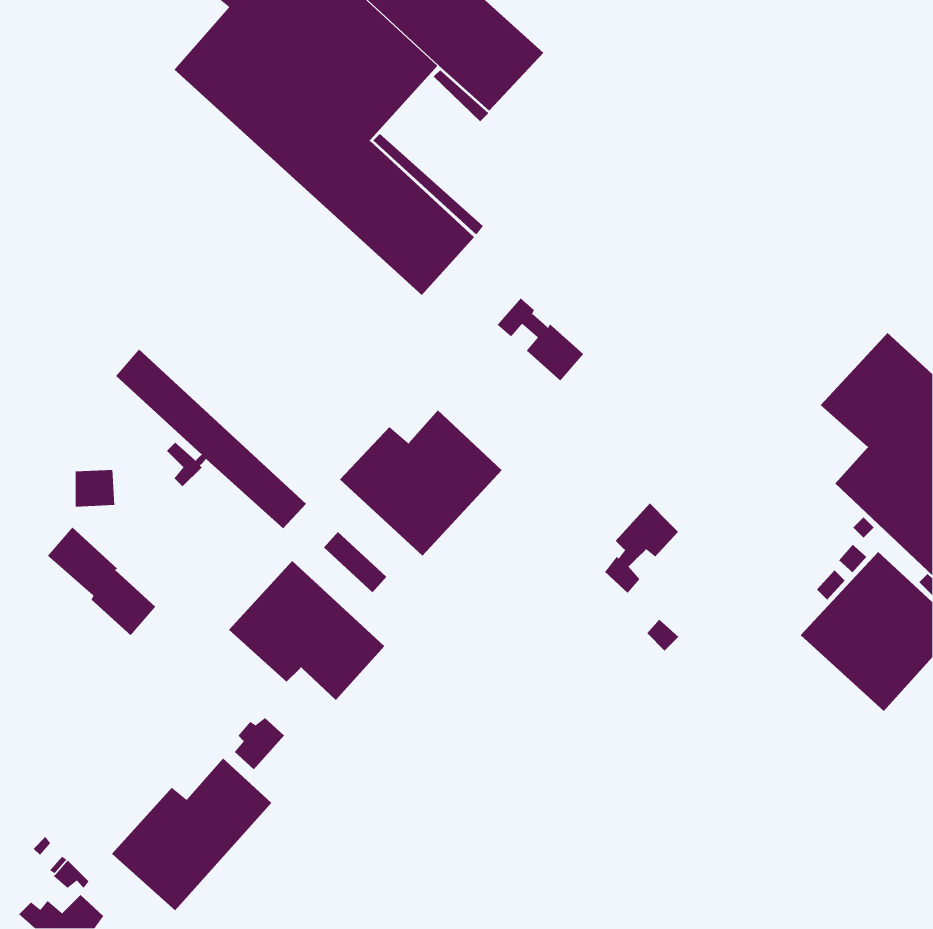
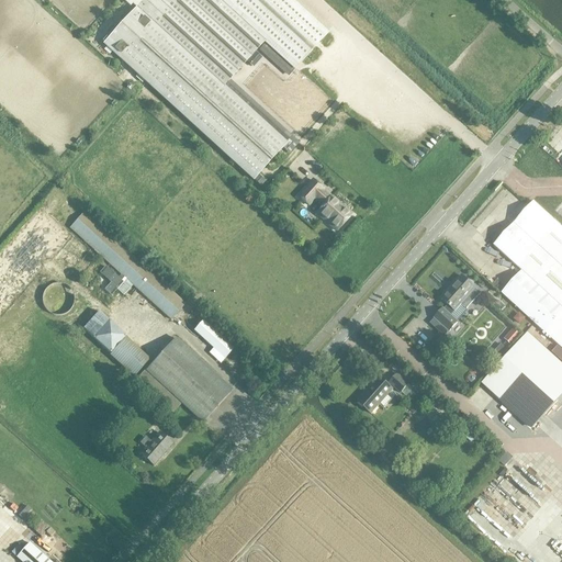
building: [339,409,503,557] -> none
building: [604,503,679,594] -> [435,274,480,329]
building: [47,527,156,636] -> [83,310,149,375]
building: none -> [357,375,393,412]
building: [111,757,272,911] -> none

